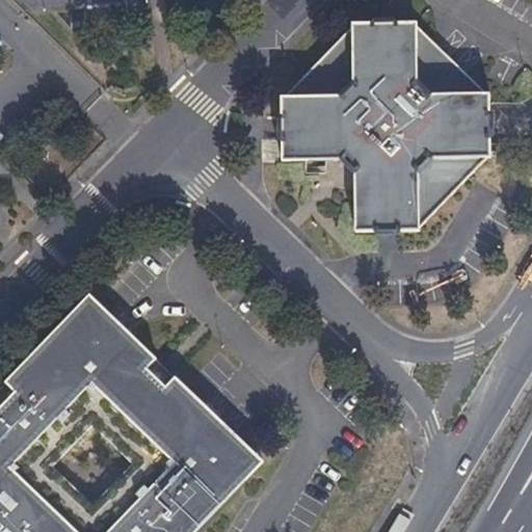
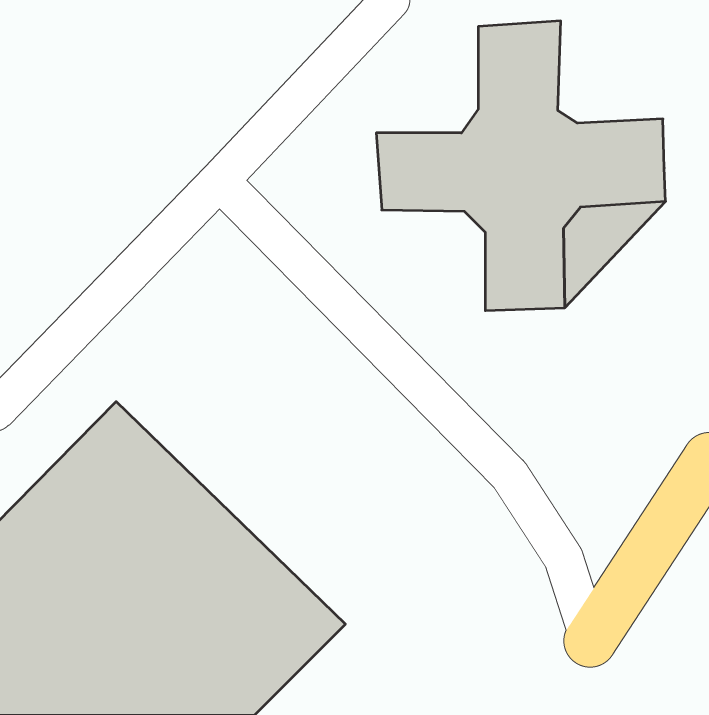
building: [415,16,493,91] -> none
building: [280,20,355,99] -> none

